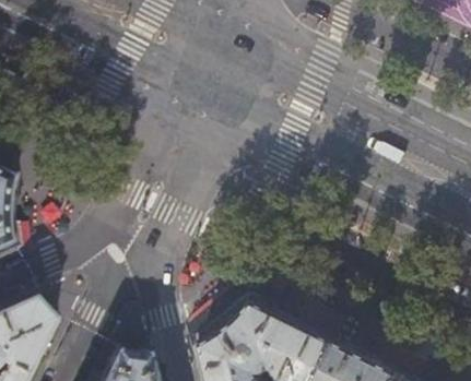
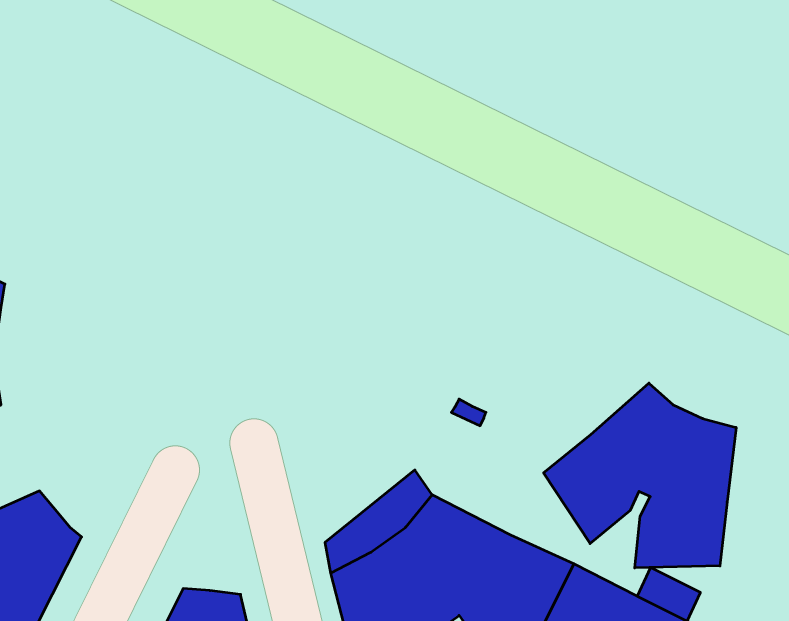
building: none -> [544,383,736,568]

